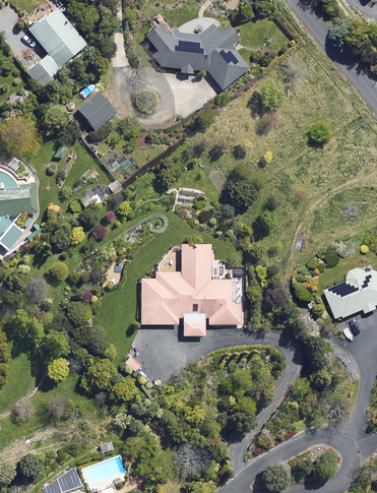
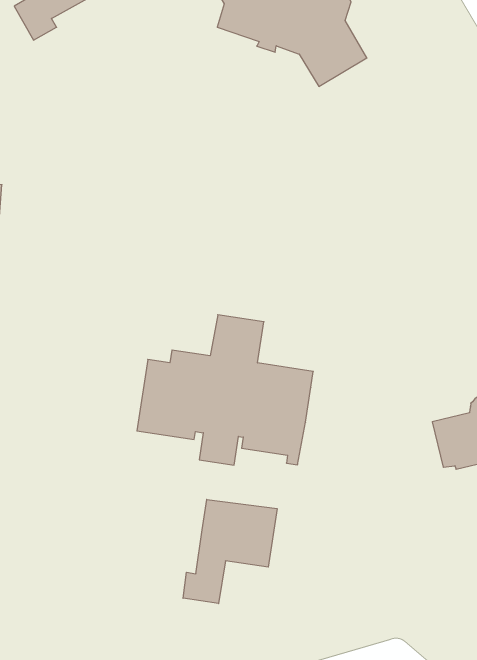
building: [77,93,116,131] -> none
building: none -> [183,499,277,604]

